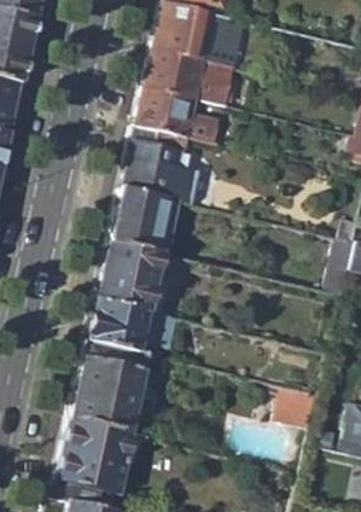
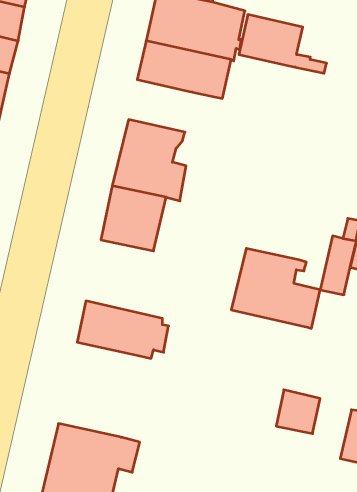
building: [138,86,222,142] -> [239,15,327,73]
building: [97,240,182,318] -> [231,248,320,328]
building: [70,339,149,431] -> none

